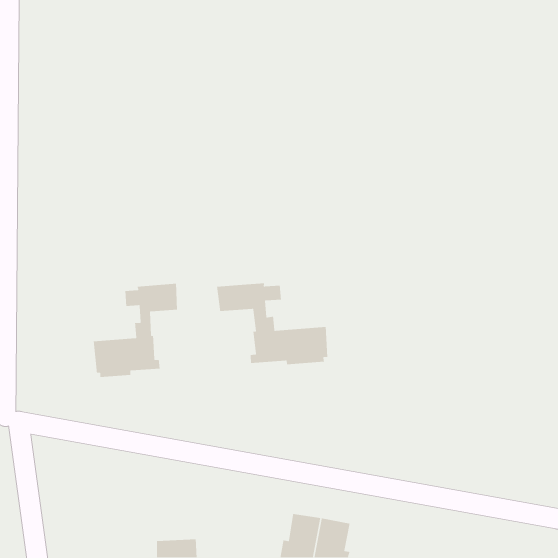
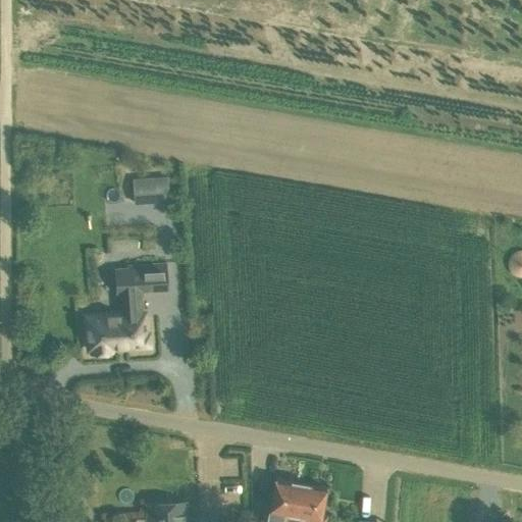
building: none -> [132,177,155,204]
building: [216,283,328,365] -> none

